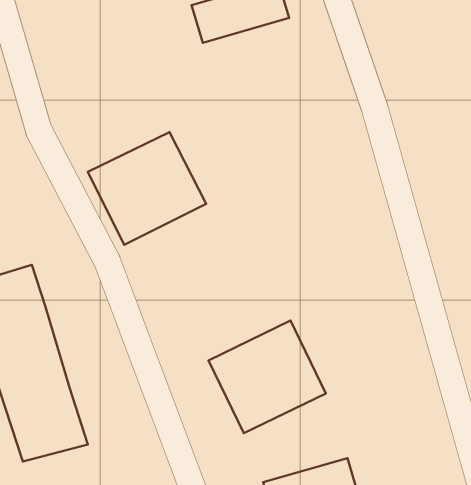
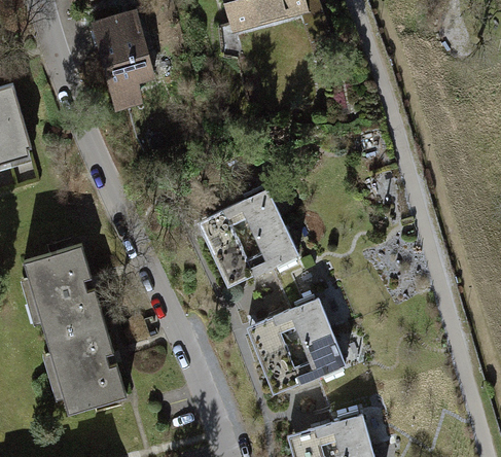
building: none -> [97,14,156,95]
building: [88,132,206,245] -> [193,187,300,289]

